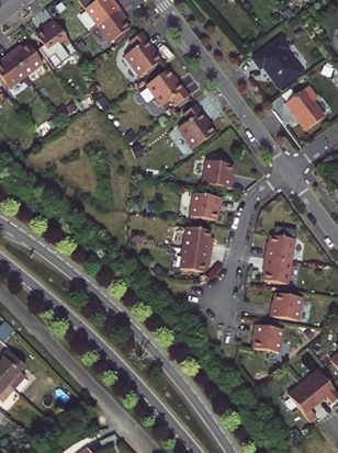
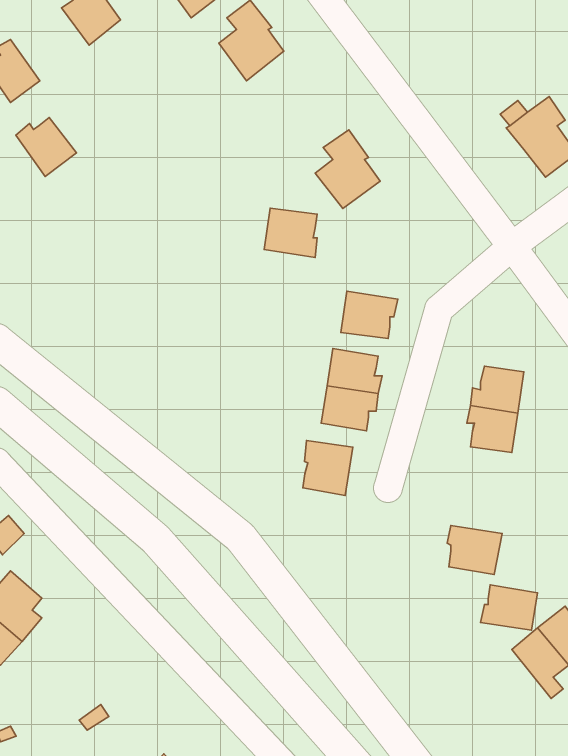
building: [252,36,302,88] -> none
building: [8,43,42,76] -> [16,118,77,177]
building: [146,68,190,105] -> none
building: [204,160,234,188] -> [264,208,317,257]
building: none -> [303,440,353,496]
building: [269,292,301,317] -> [480,585,537,630]

